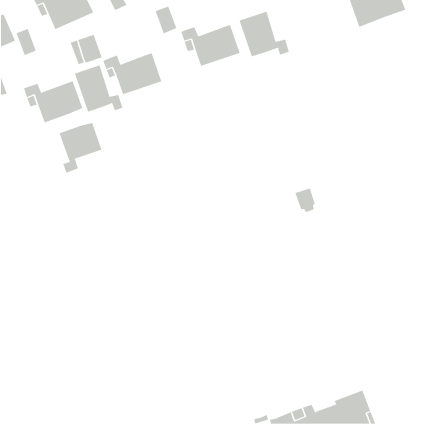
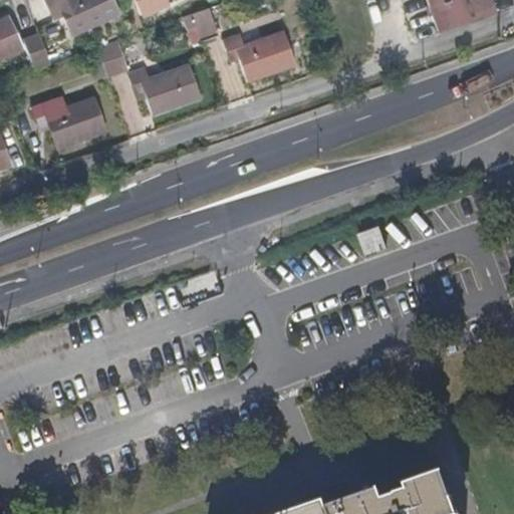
building: [239,11,290,57] -> none
building: [74,65,123,112] -> none
building: [59,122,102,173] -> none

